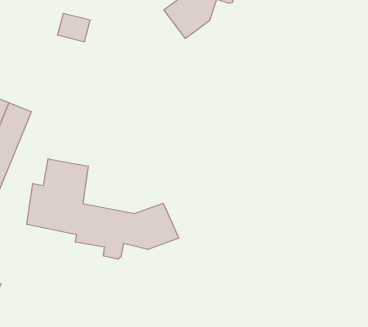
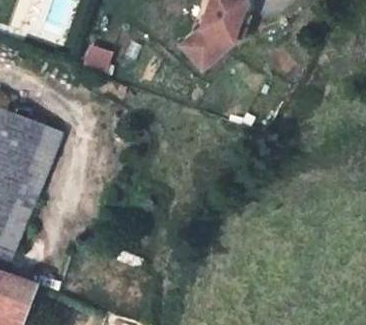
building: [27,159,179,259] -> none

